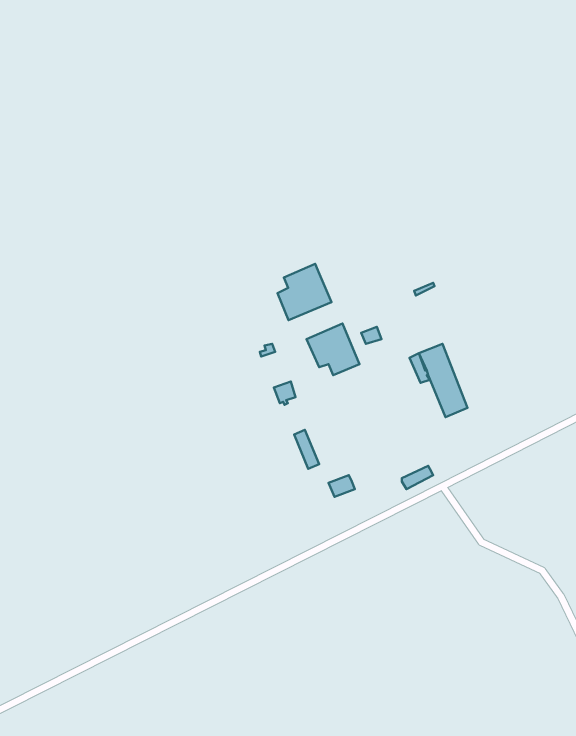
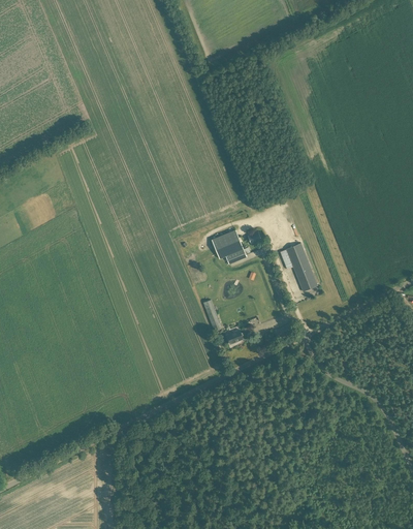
building: [278,264,332,320] -> none

